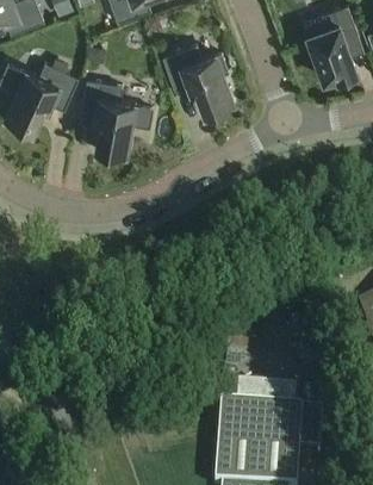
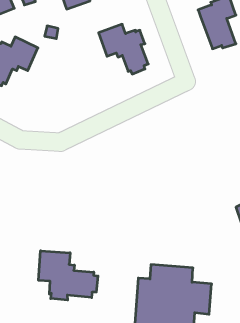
building: [81,81,153,158] -> none
building: none -> [39,251,98,300]

